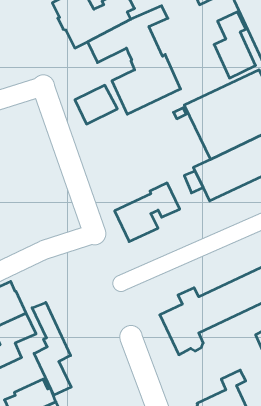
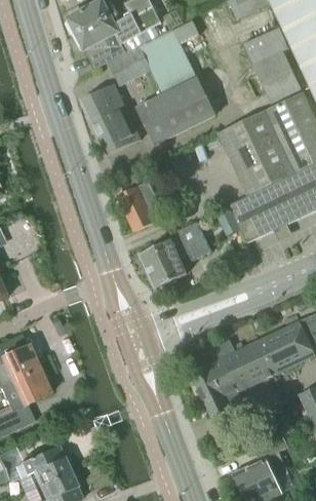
building: none -> [82,82,128,127]
building: none -> [118,181,166,231]
building: [32,302,71,395] -> none

